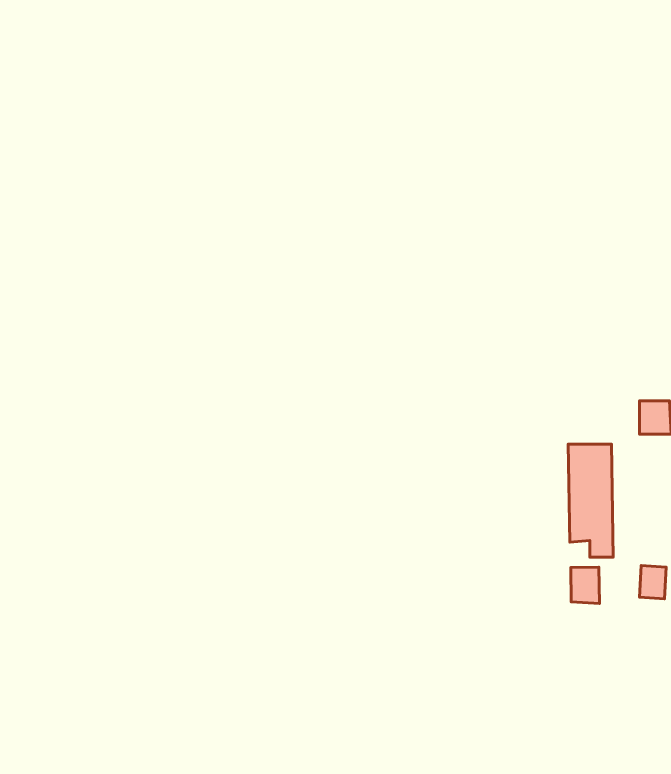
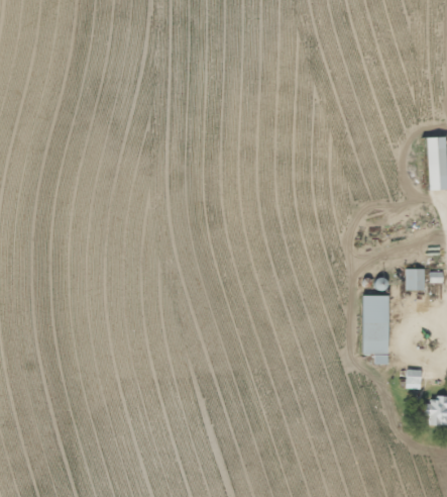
building: [571,567,599,603] -> none

